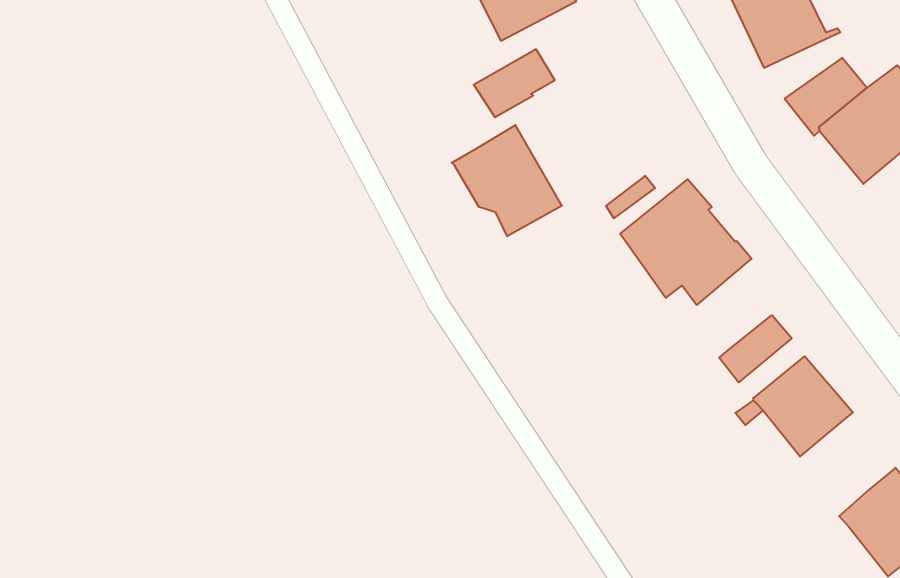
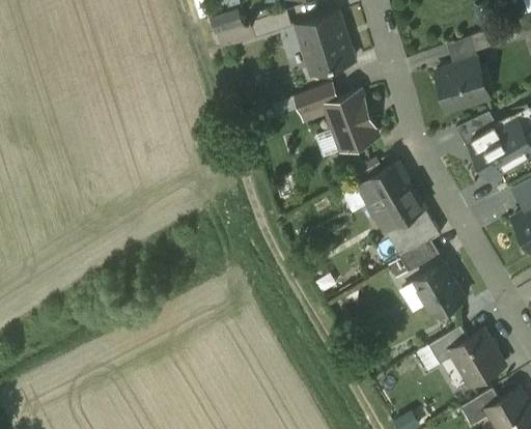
building: [452,125,562,236] -> [323,92,376,149]
building: none -> [396,222,440,256]
building: none -> [428,327,467,366]

